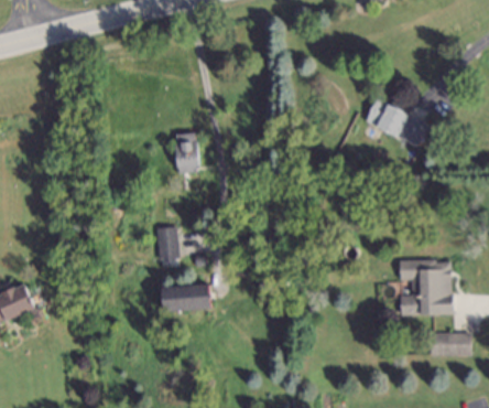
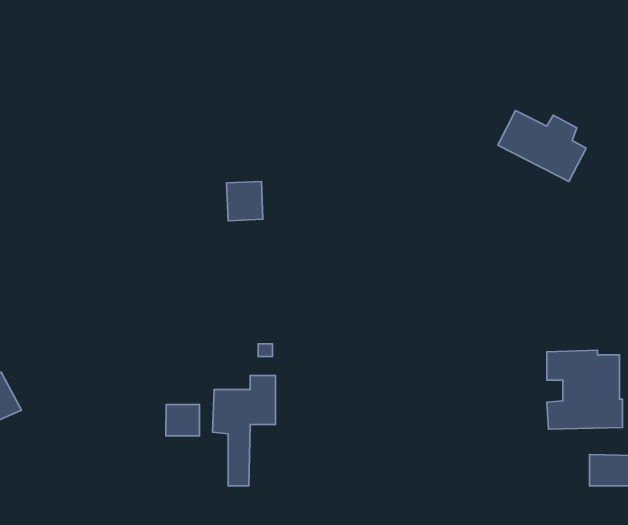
building: [161,234,181,261] -> none
building: none -> [166,405,200,436]

